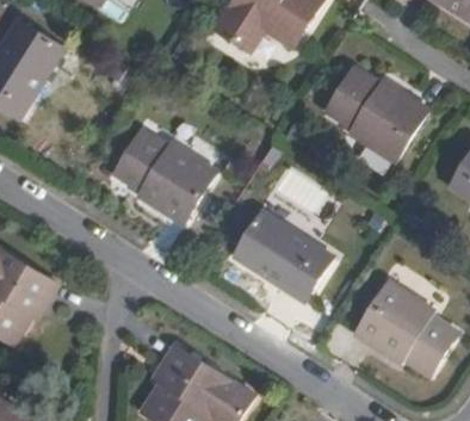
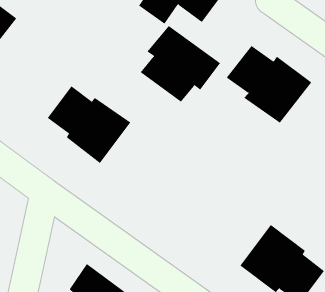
building: none -> [140,25,221,102]
building: [234,212,330,301] -> none

